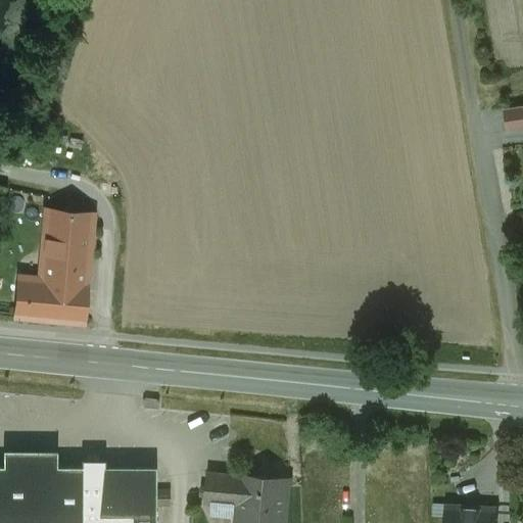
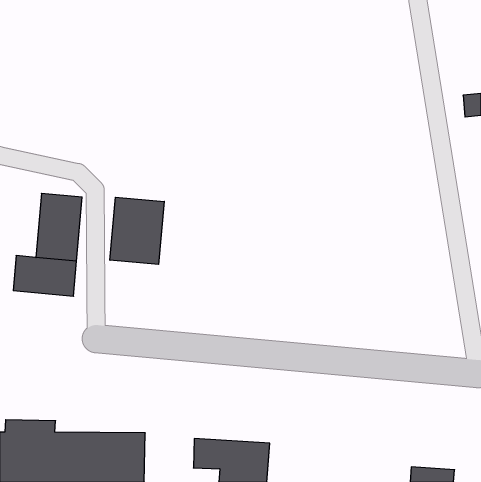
building: none -> [110,197,164,264]

